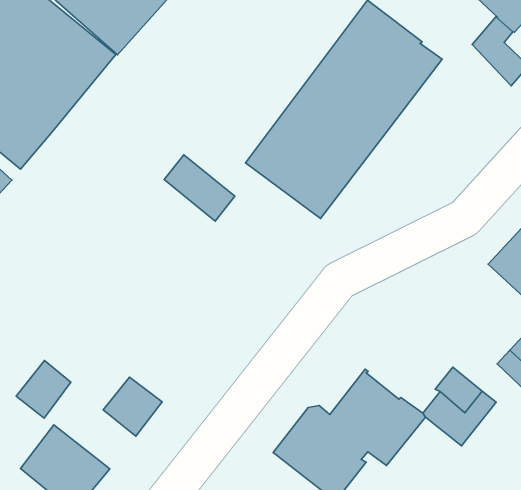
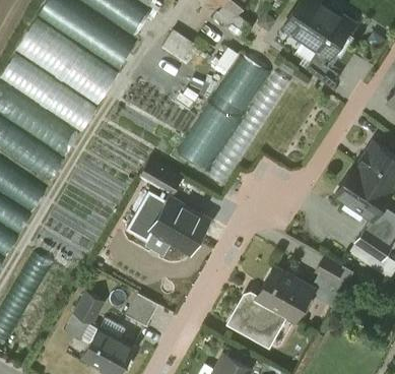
building: none -> [126,190,206,250]

